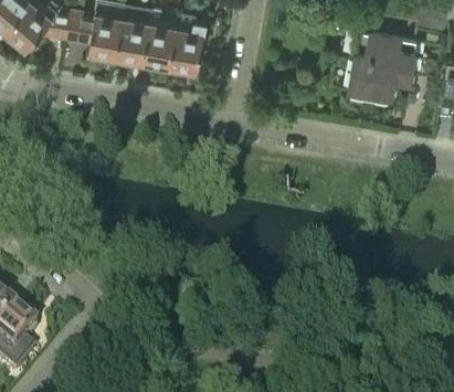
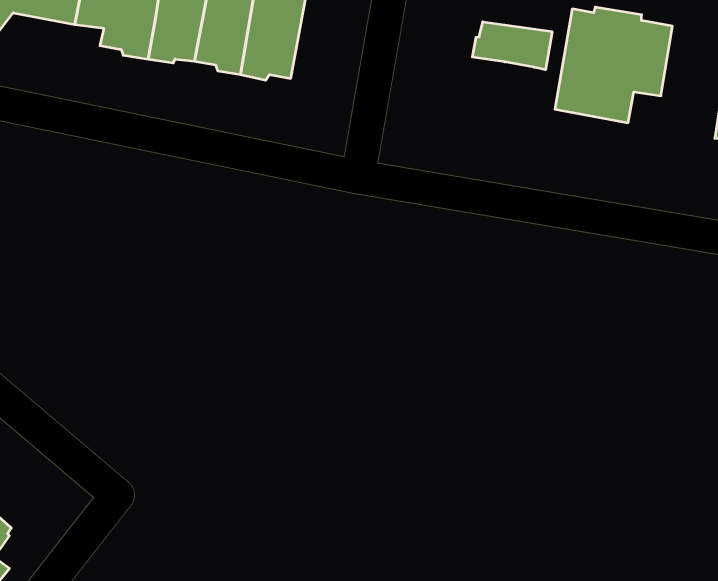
building: none -> [472,22,552,70]

